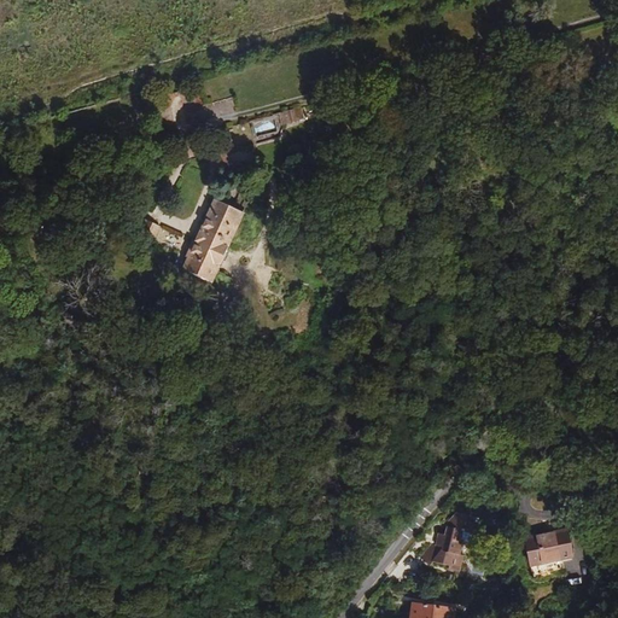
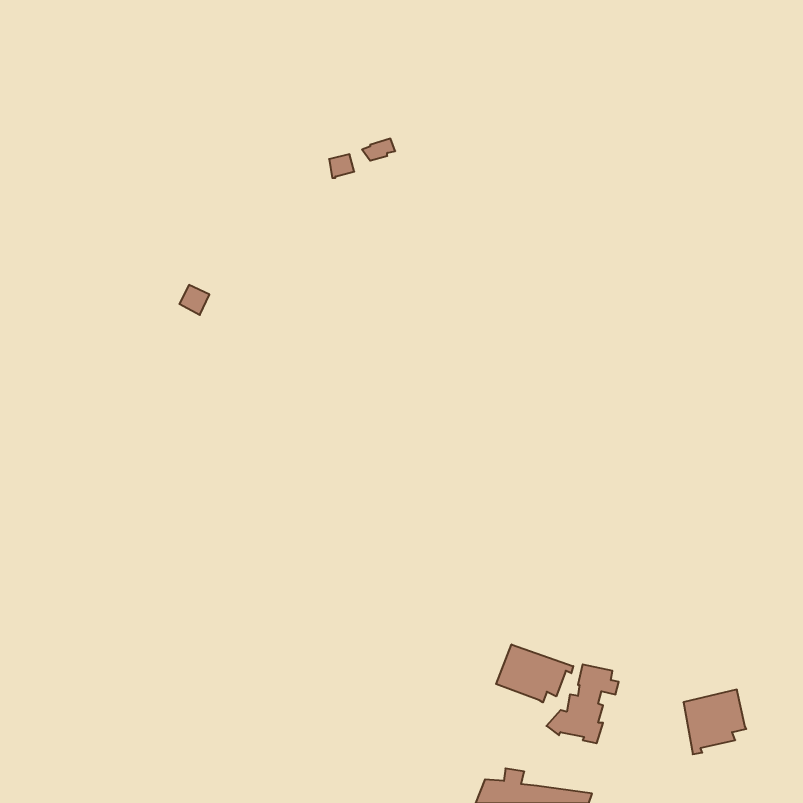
building: [182,200,241,287] -> none
building: none -> [496,644,573,702]

